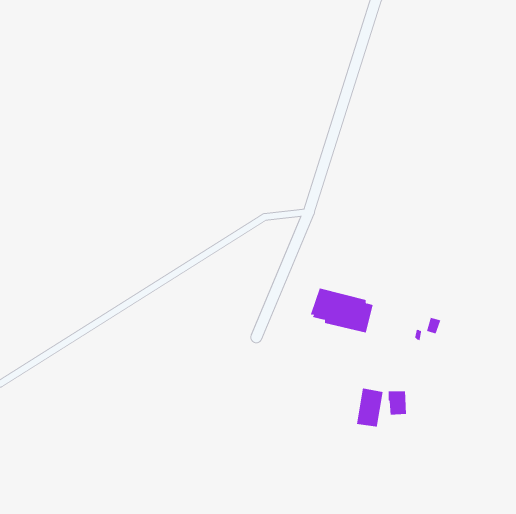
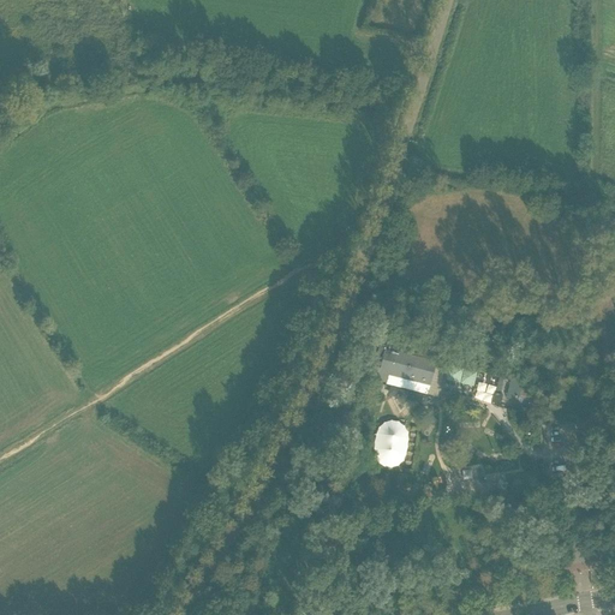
building: [356,388,384,427] -> [376,419,408,466]

